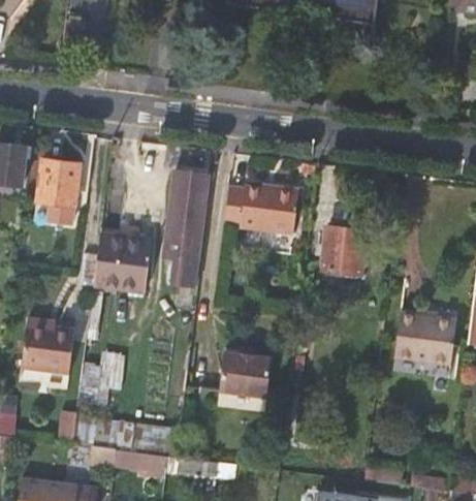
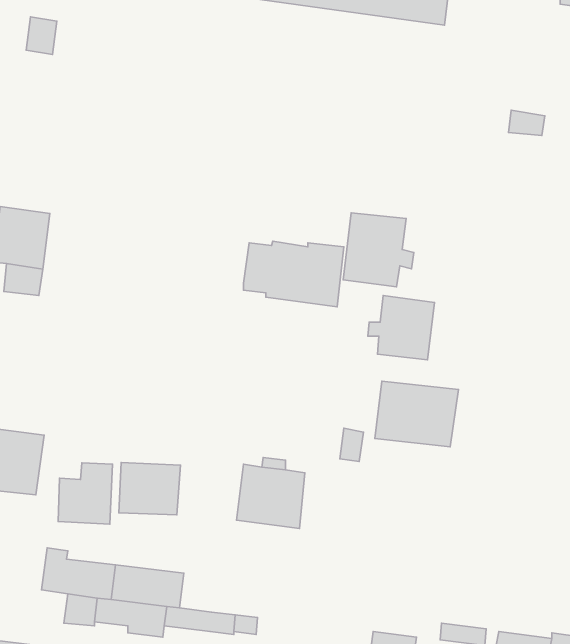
building: none -> [343,213,414,287]
building: [163,173,208,289] -> none
building: [93,231,151,291] -> none
building: [394,311,456,359] -> [375,381,459,447]
building: none -> [119,463,181,515]

